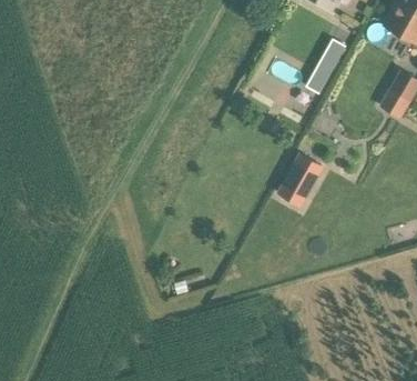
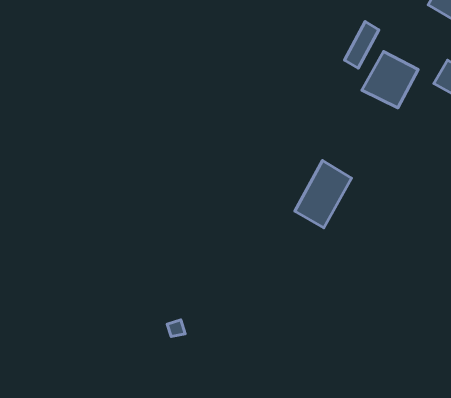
building: none -> [362,51,418,108]

